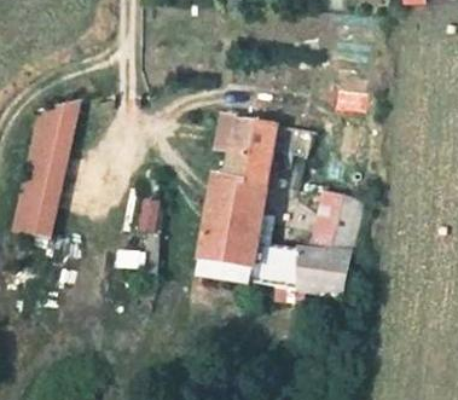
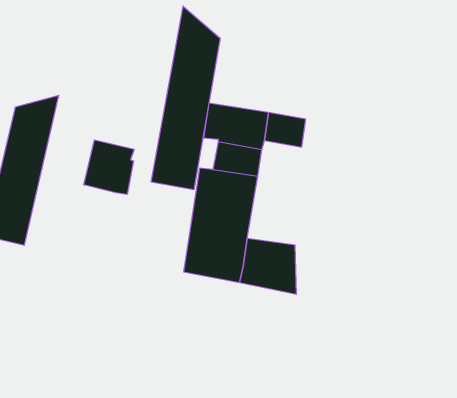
building: none -> [151,6,220,190]
building: none -> [84,140,134,194]
building: [297,190,360,298] -> none

